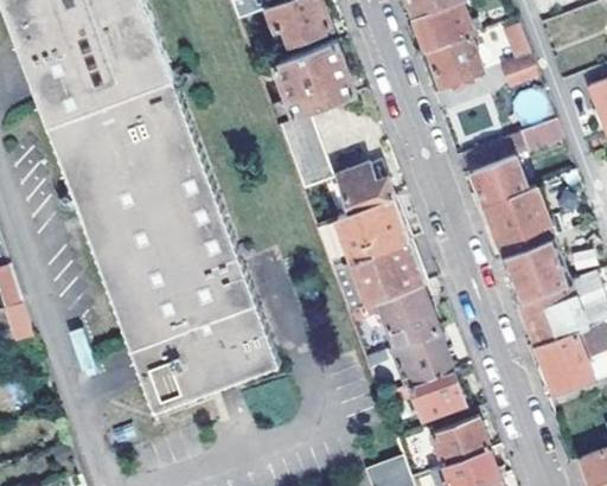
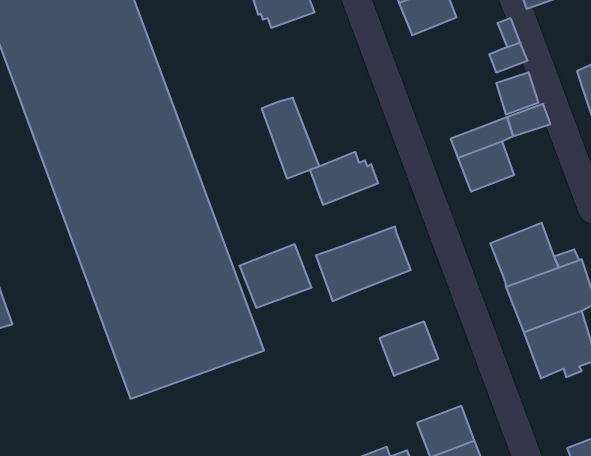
building: [427,36,496,89] -> none
building: [277,43,357,117] -> none
building: [485,187,562,257] -> none
building: [339,198,410,261] -> [239,244,312,308]
building: [371,286,439,350] -> none
building: [411,371,465,418] -> none

